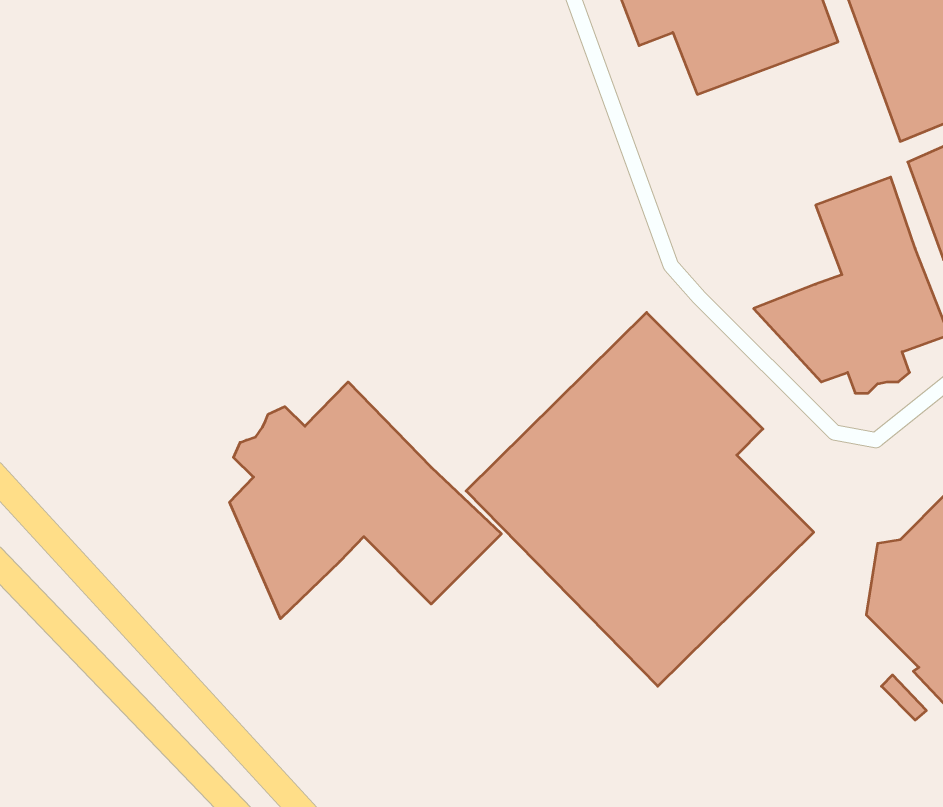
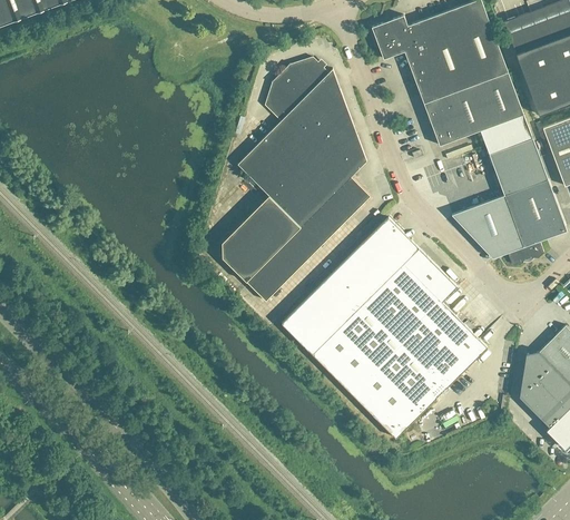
building: none -> [222,57,371,301]
building: none -> [419,57,533,154]
building: [230,382,501,619] -> none

